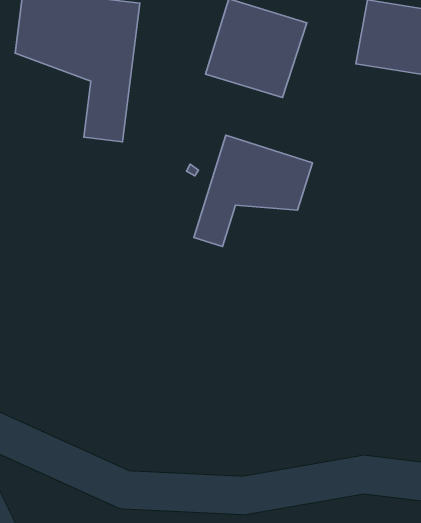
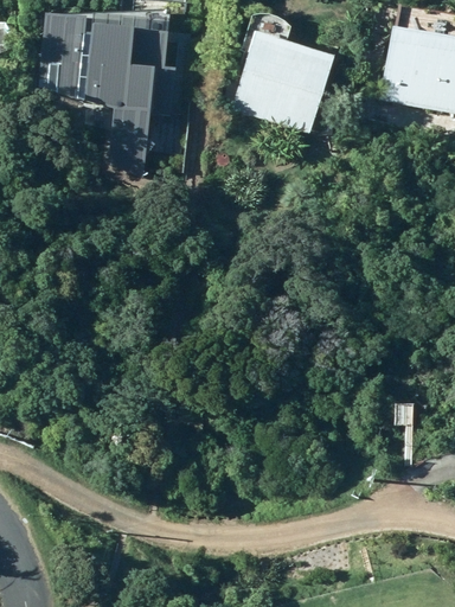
building: [194,135,312,247] -> none

